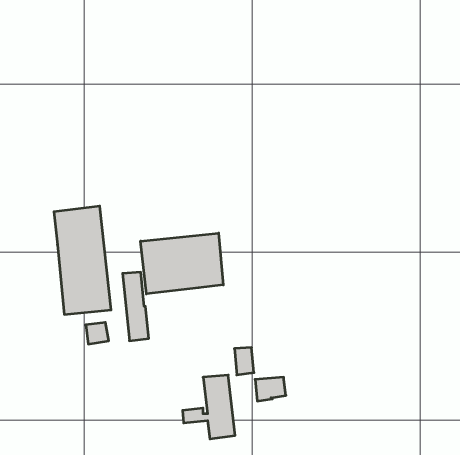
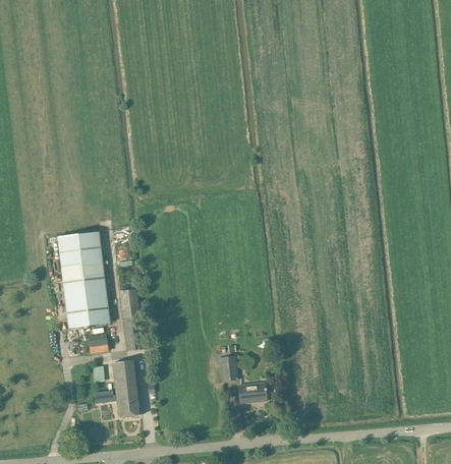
building: [141,233,223,294] -> none
building: [183,375,235,439] -> [94,361,140,418]

